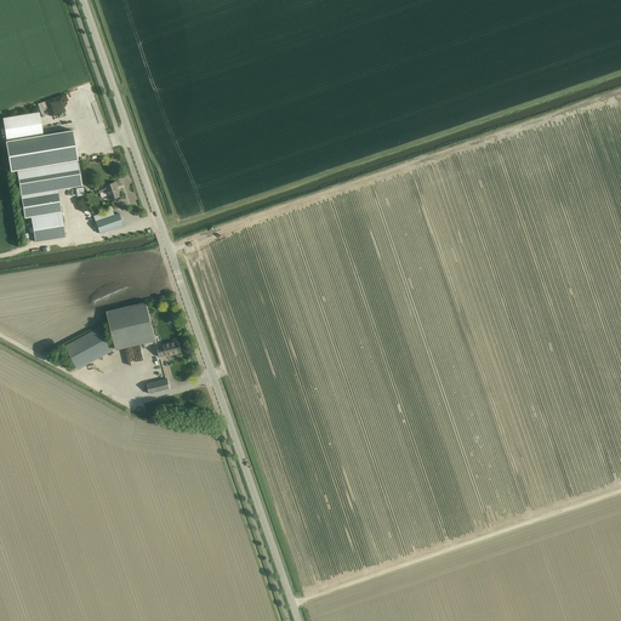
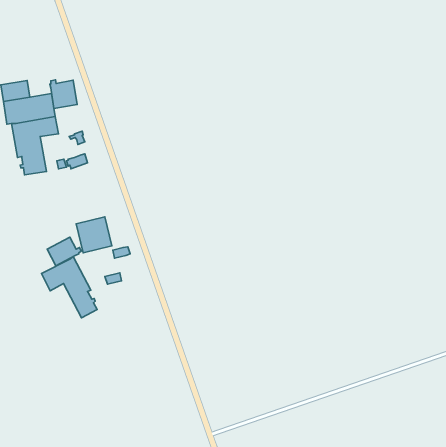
building: none -> [50,80,77,109]
building: none -> [42,256,97,318]

